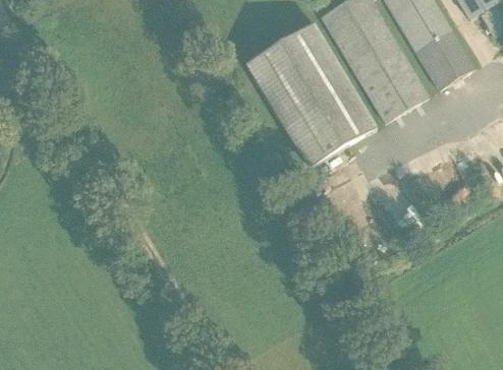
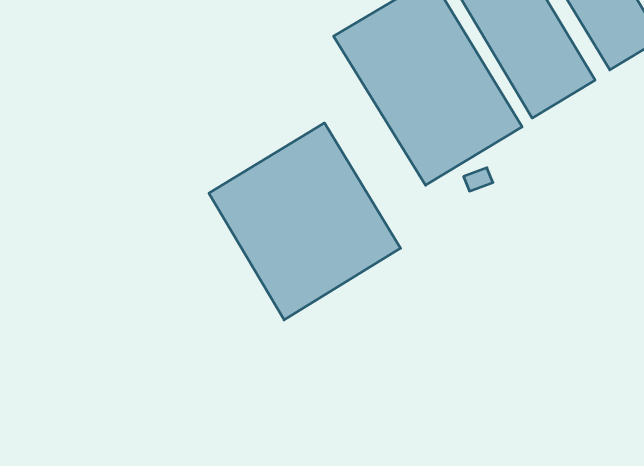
building: none -> [209,123,401,320]

